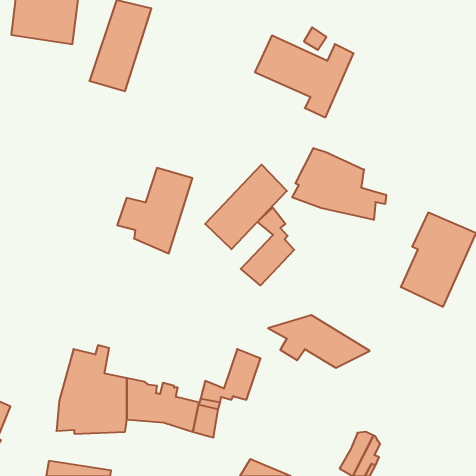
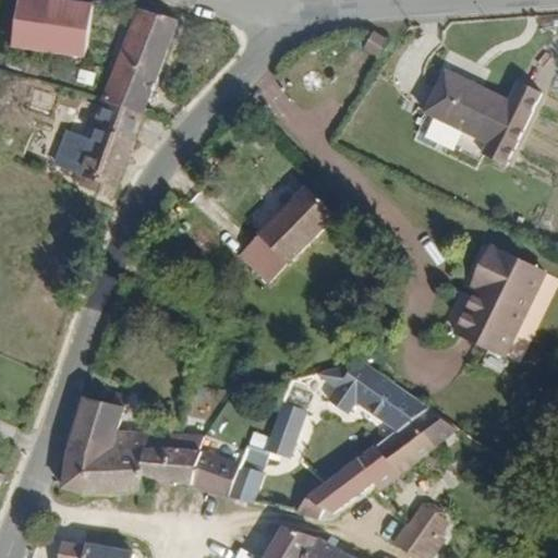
building: [255,36,354,117] -> [411,65,525,160]
building: [292,148,386,220] -> none
building: [117,168,192,253] -> [58,94,145,193]
building: [241,208,294,285] -> none
building: none -> [295,407,450,519]

